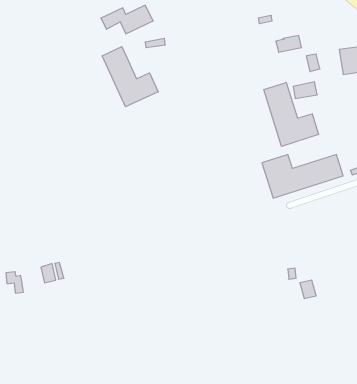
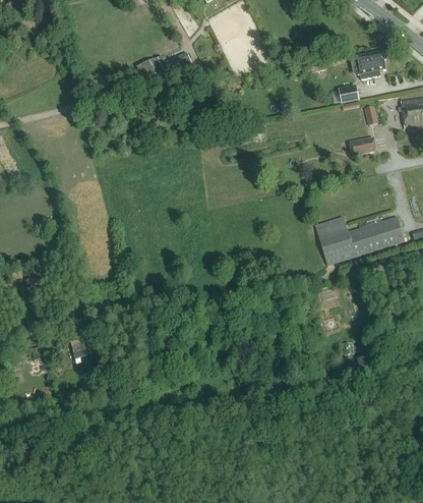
building: none -> [348,51,384,79]
building: [102,47,158,107] -> none
building: [264,82,319,146] -> none

